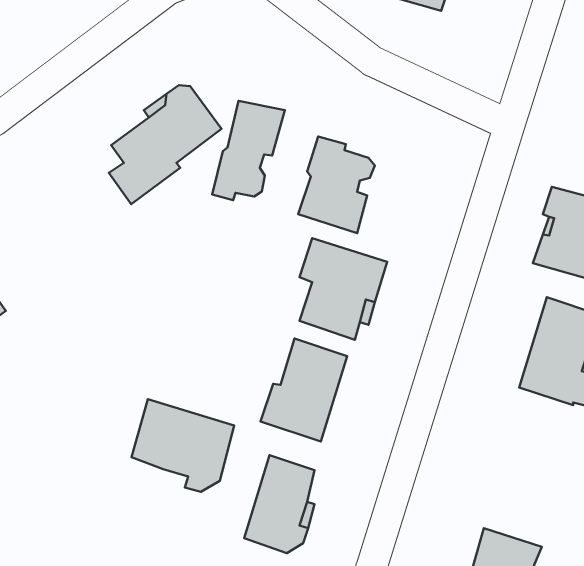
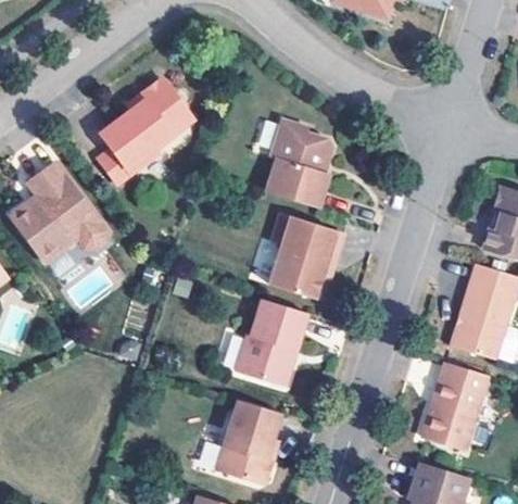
building: [212,101,285,200] -> none
building: none -> [11,161,109,262]
building: [132,399,234,492] -> none
building: none -> [428,362,494,448]

